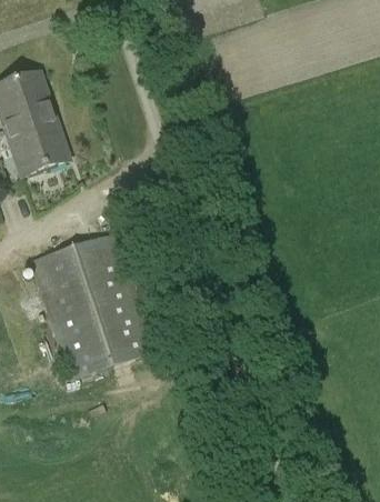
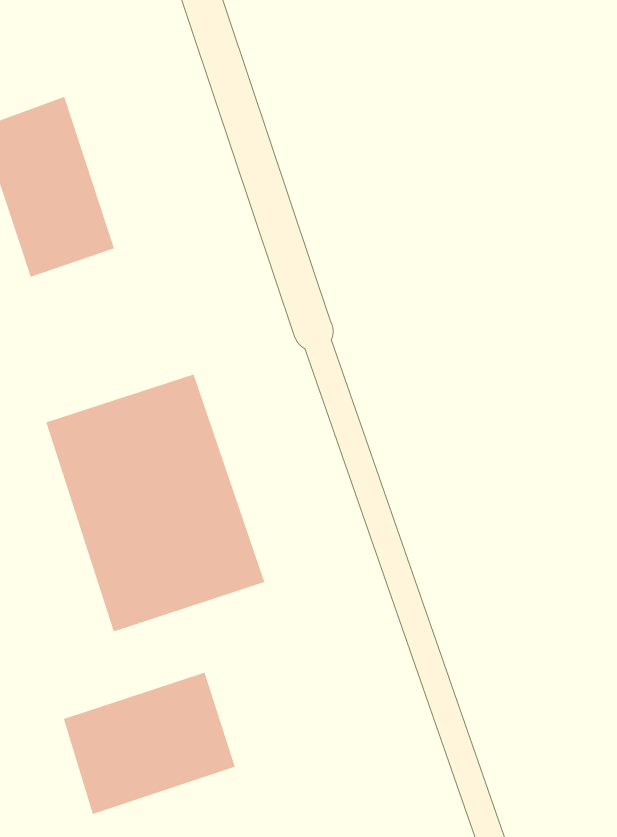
building: none -> [63,672,236,815]

